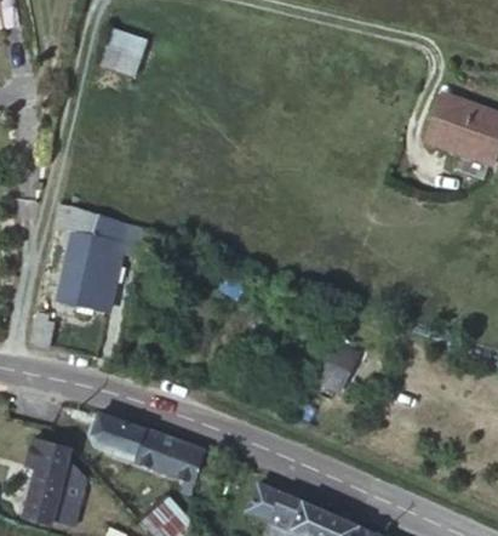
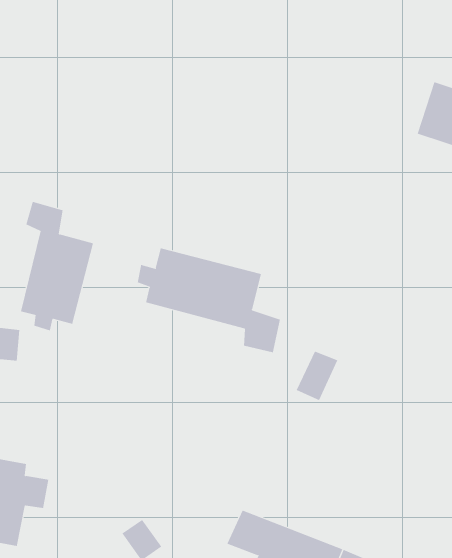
building: [99,23,150,74] -> none
building: none -> [137,247,281,353]
building: [81,411,191,490] -> none

